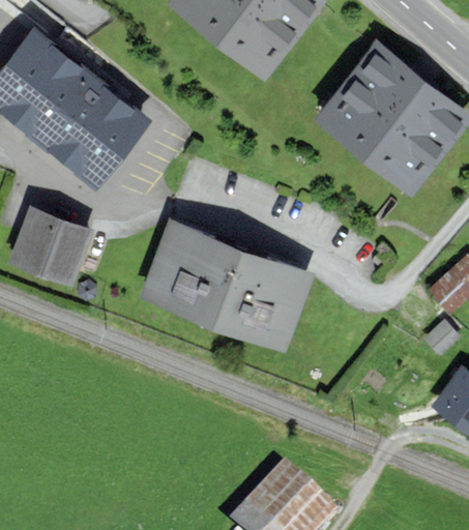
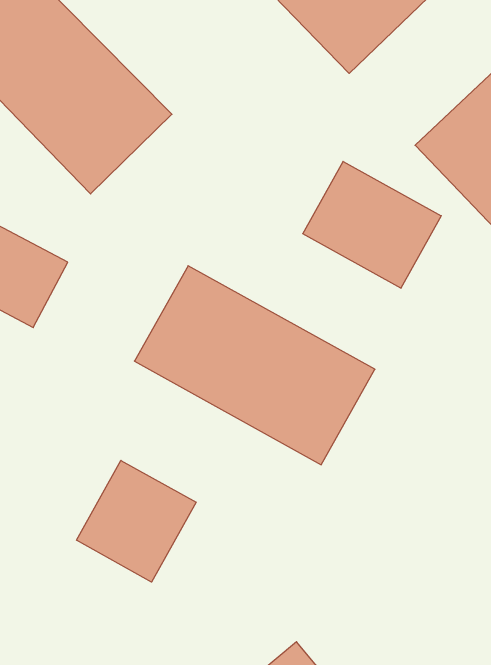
building: none -> [303,161,441,288]
building: none -> [77,460,196,582]

